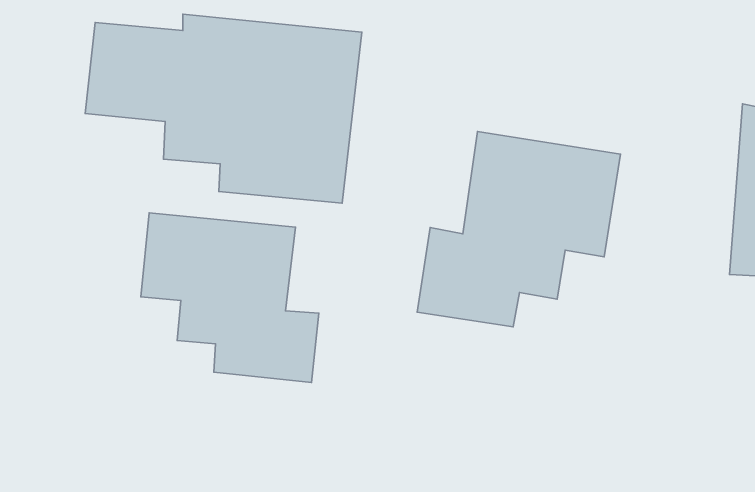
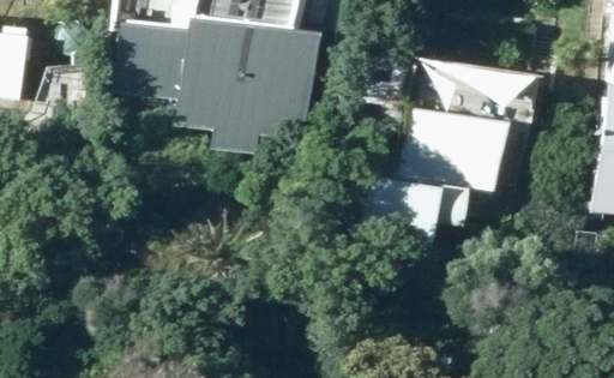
building: [141,213,319,382] -> none

